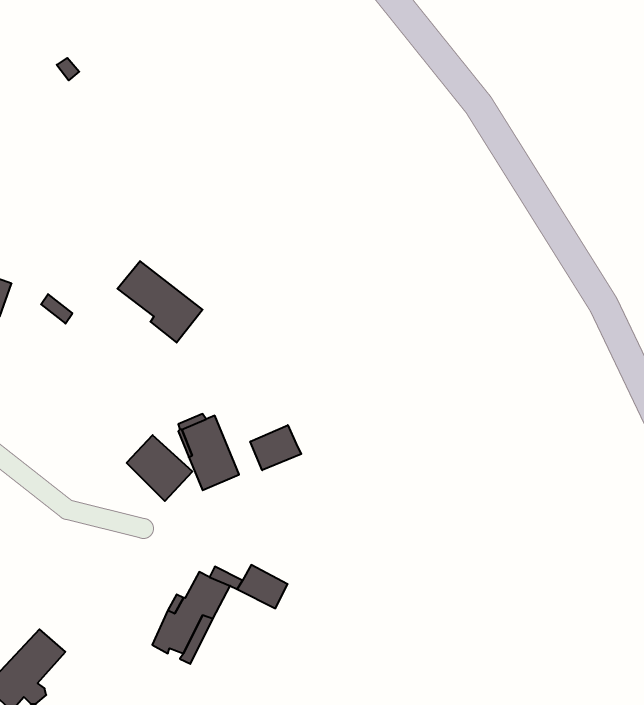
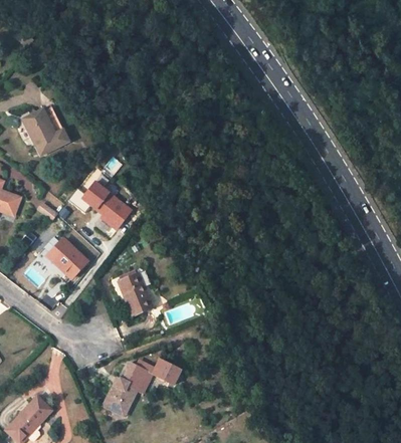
building: none -> [22,106,68,154]
building: [250,425,301,470] -> none
building: [127,435,192,501] -> [48,239,86,277]

